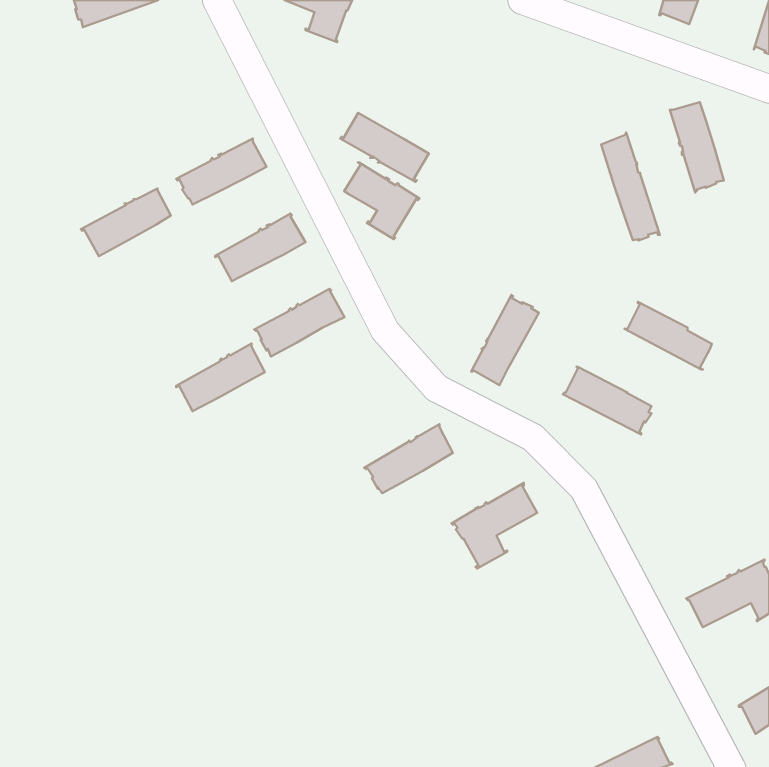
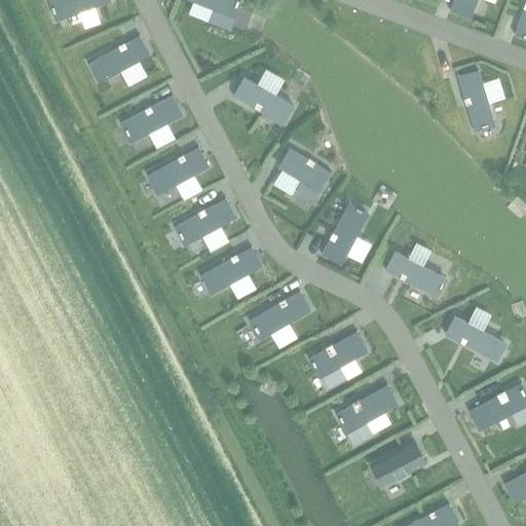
building: [601,133,660,240] -> none
building: [344,163,419,239] -> [279,148,331,200]
building: [81,189,171,256] -> [87,36,149,82]
building: [624,302,712,369] -> [445,315,504,362]
building: [176,344,265,411] -> [200,247,261,293]
building: none -> [335,384,397,445]
building: none -> [371,443,427,486]

